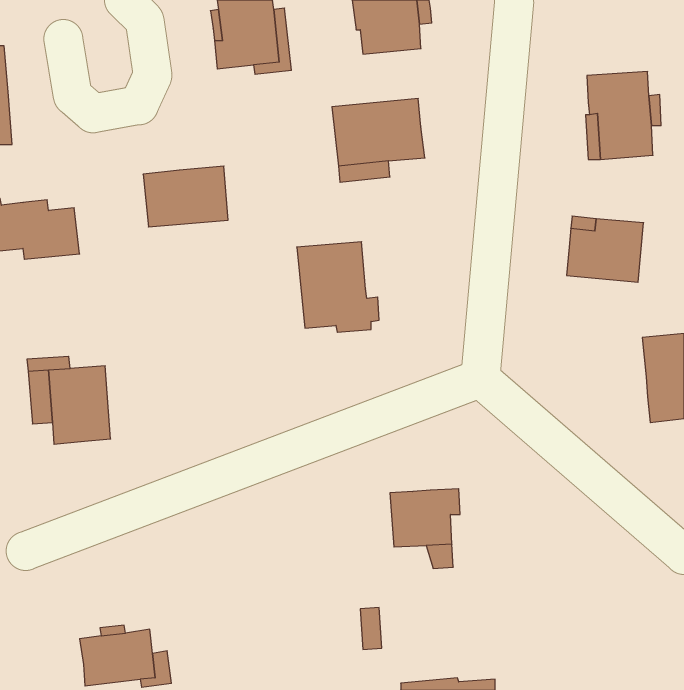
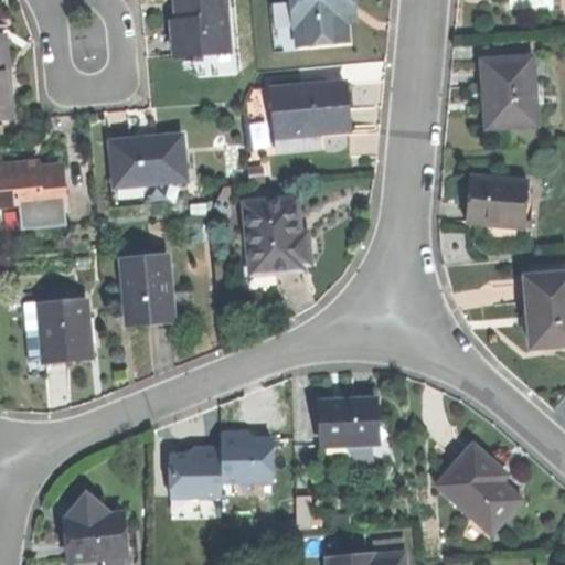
building: none -> [121,257,171,324]
building: none -> [159,429,266,499]
building: none -> [437,446,522,535]

